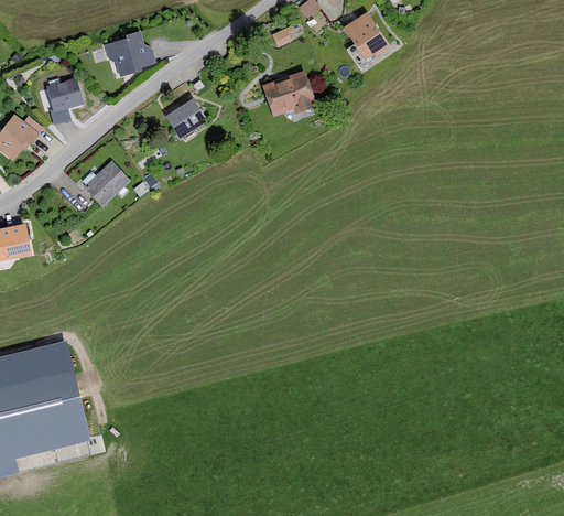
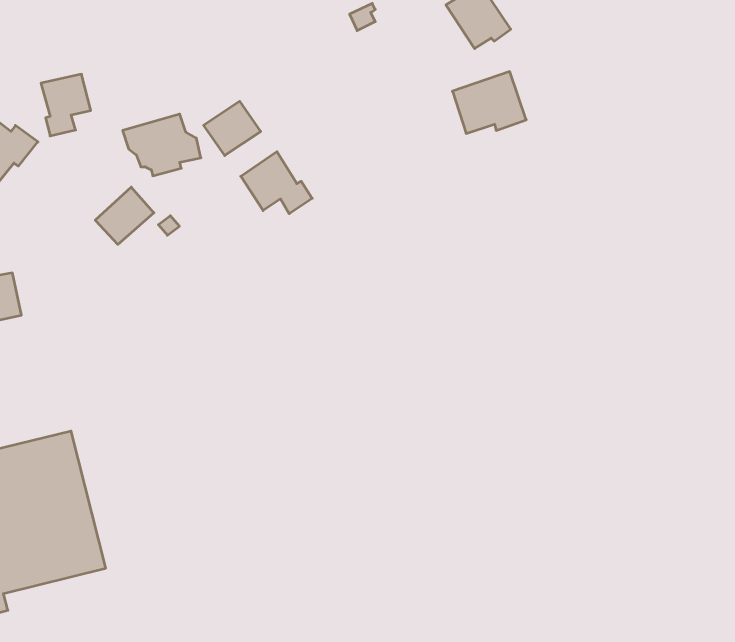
building: [97,31,154,76] -> [123,114,201,176]
building: [262,71,316,116] -> [452,72,526,133]
building: none -> [241,152,312,214]

